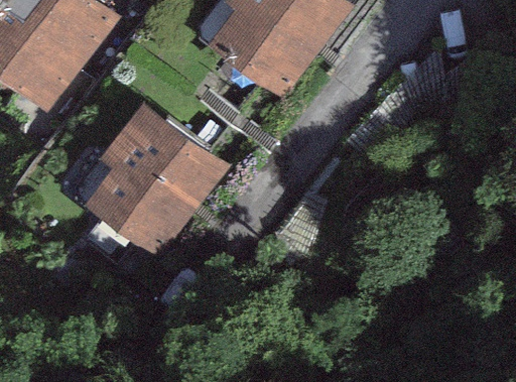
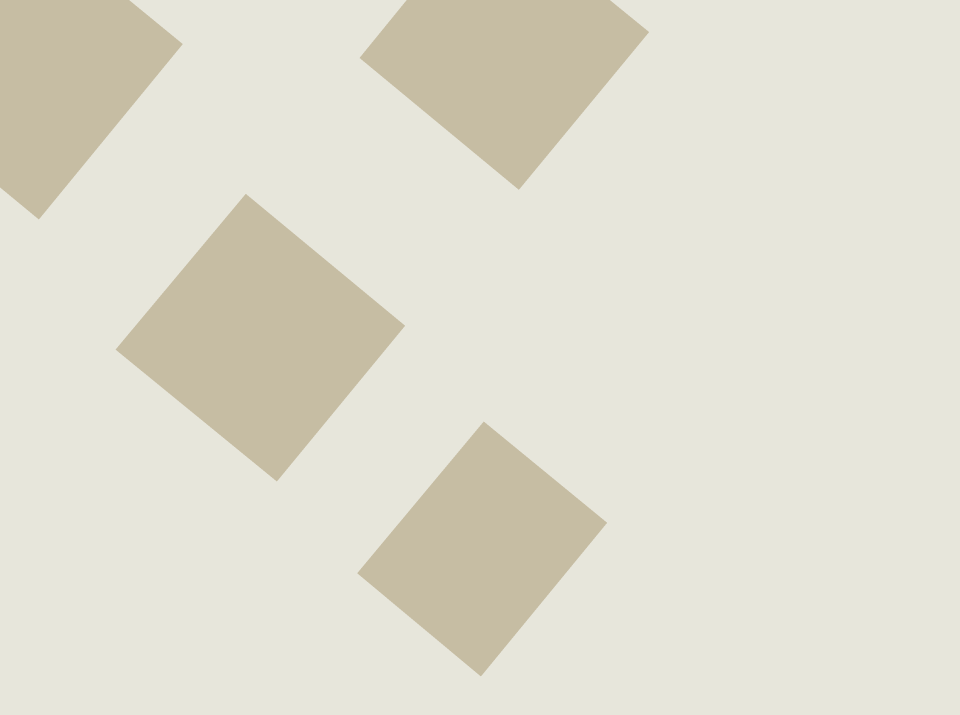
building: none -> [356,420,608,677]

